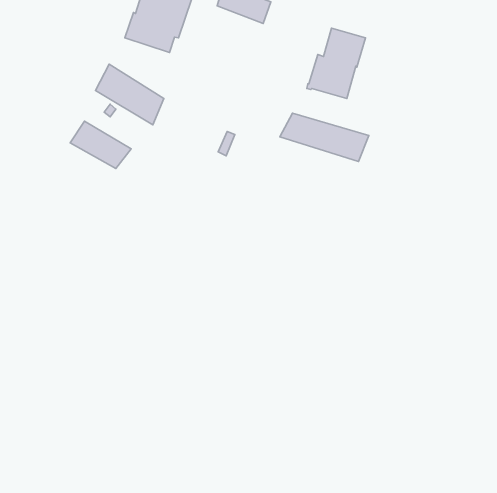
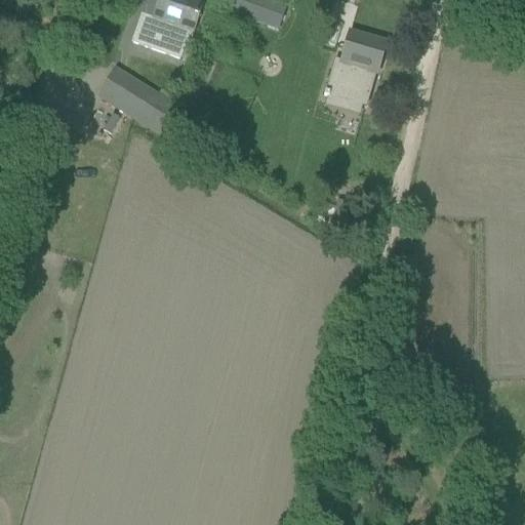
building: [280,113,369,162] -> none
building: [70,121,131,168] -> none

